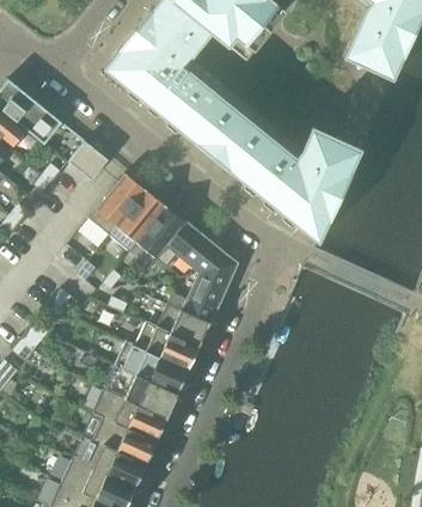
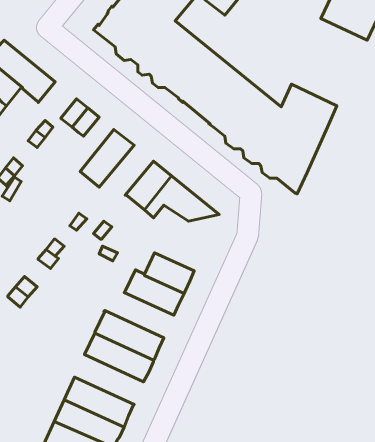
building: [110,191,167,253] -> none
building: [169,264,237,324] -> none
building: [116,341,189,395] -> none
building: [84,413,157,465] -> none

